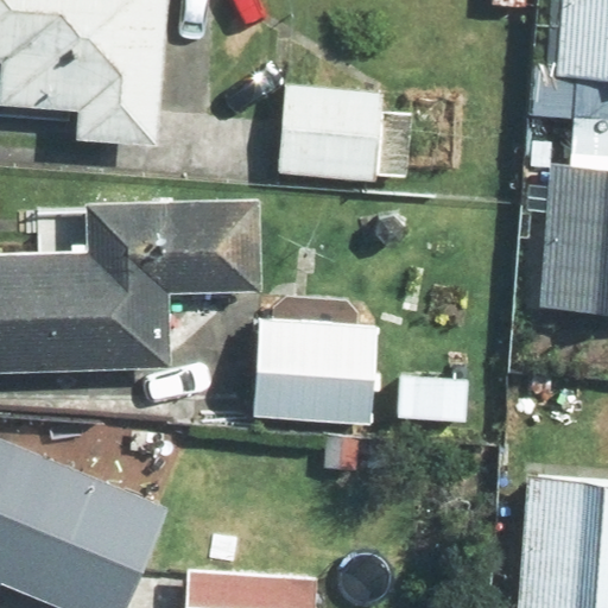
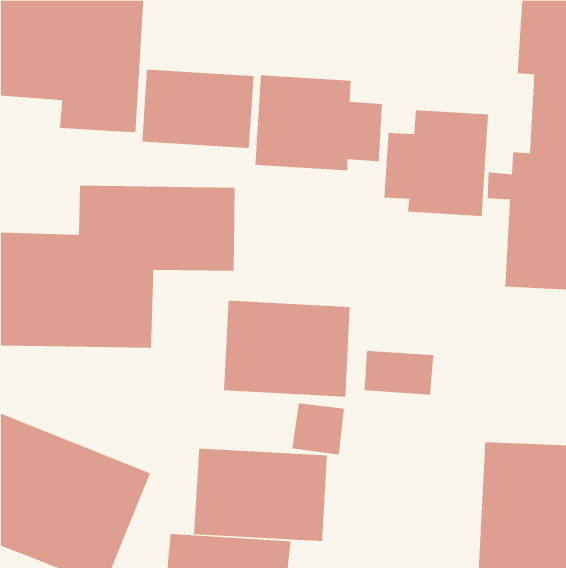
building: none -> [142,69,254,149]
building: none -> [384,110,488,217]
building: none -> [193,448,328,542]

